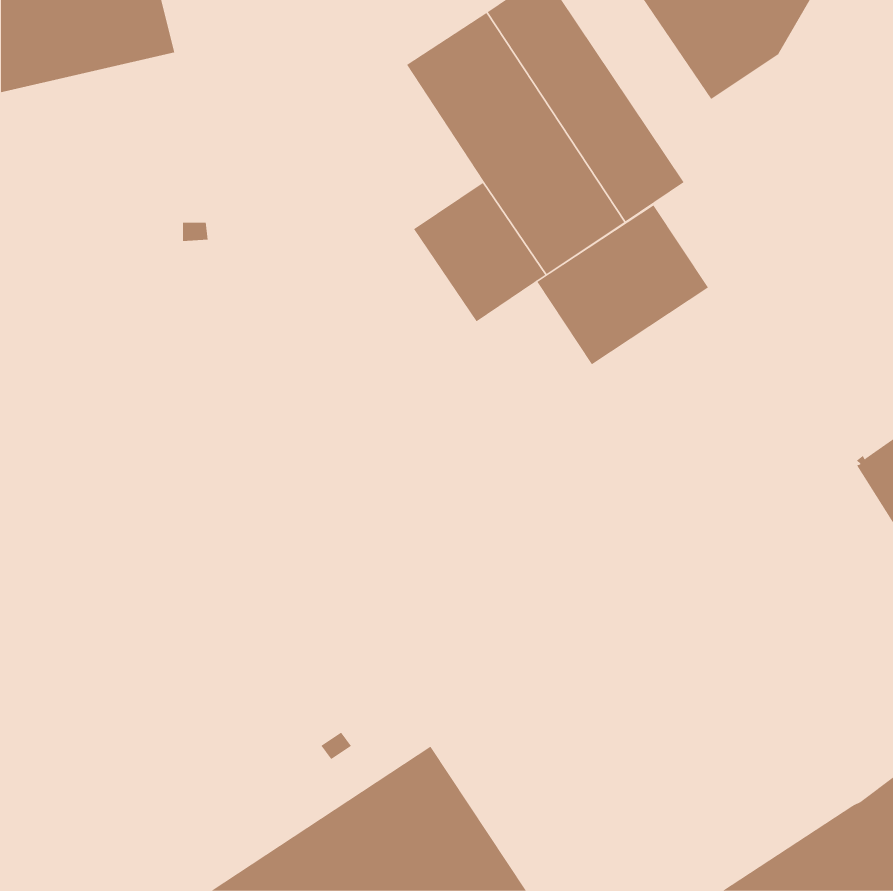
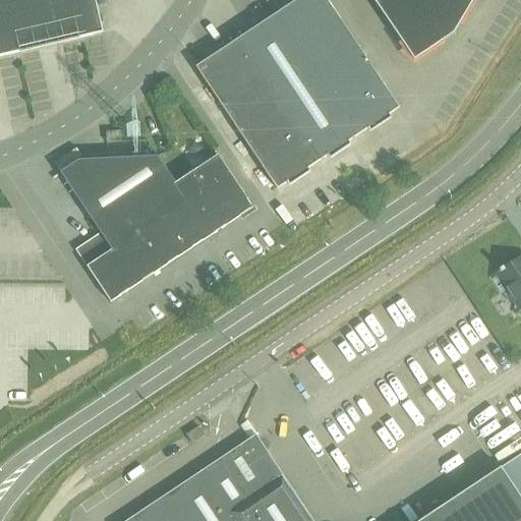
building: none -> [196,38,282,133]
building: [536,204,709,365] -> none
building: none -> [60,154,253,300]

